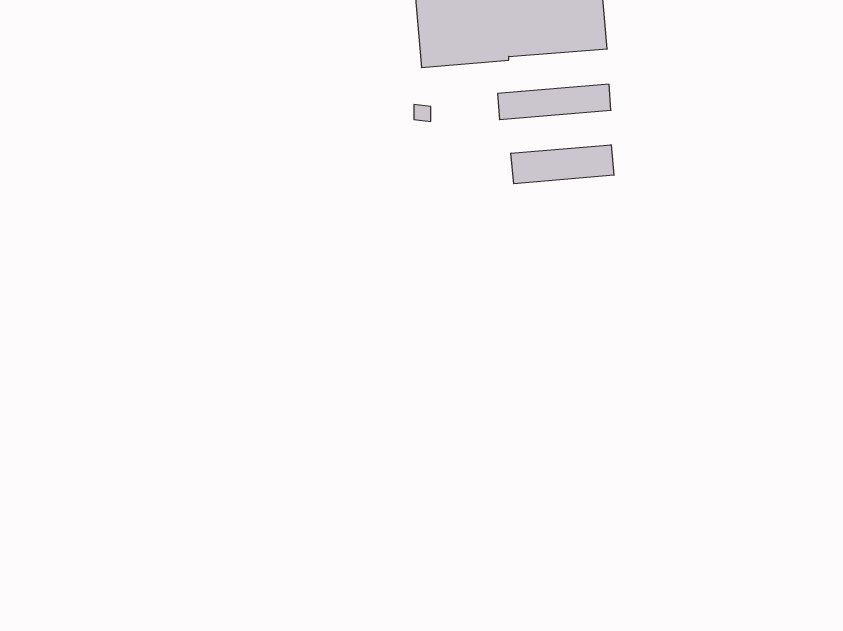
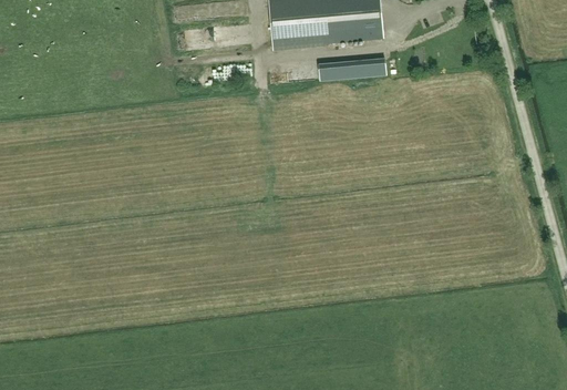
building: [511,145,614,184] -> none

